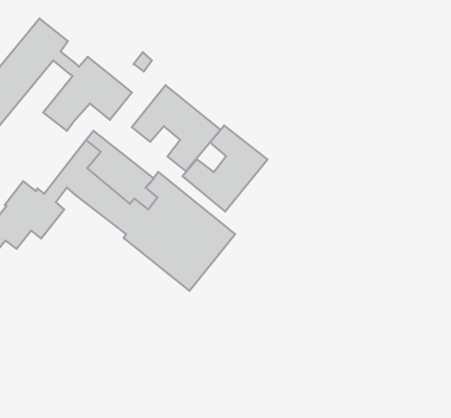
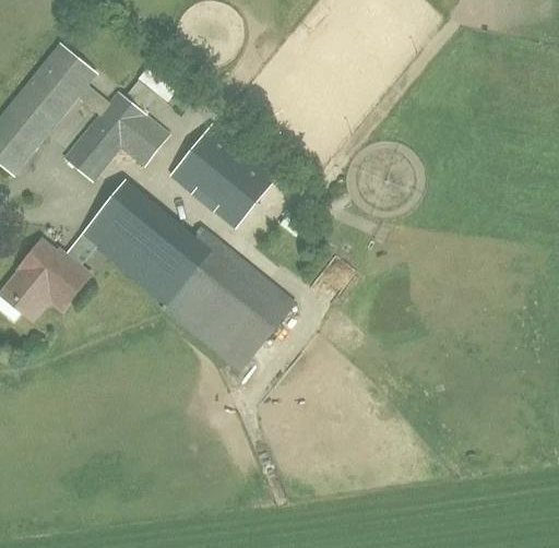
building: [183,125,267,211] -> none
building: none -> [192,174,228,210]

